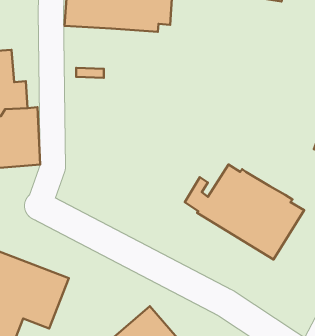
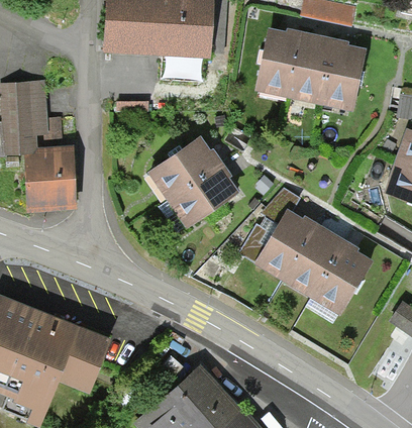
building: none -> [254,28,360,108]
building: none -> [148,136,237,227]

